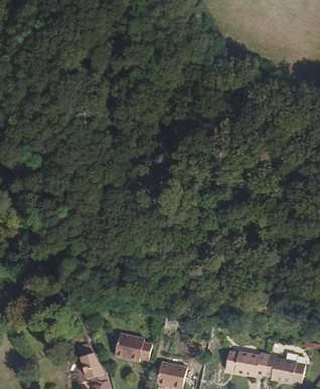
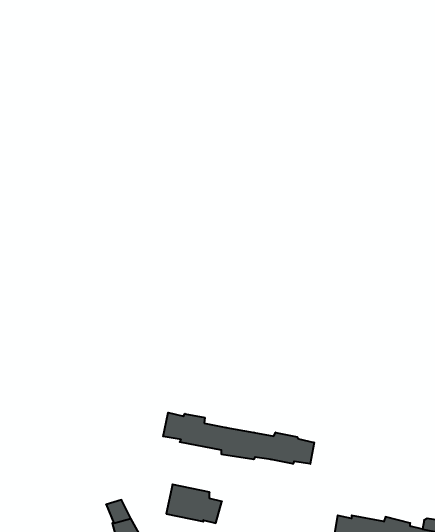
building: none -> [163,413,314,464]

